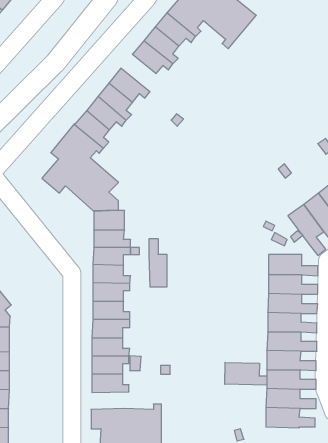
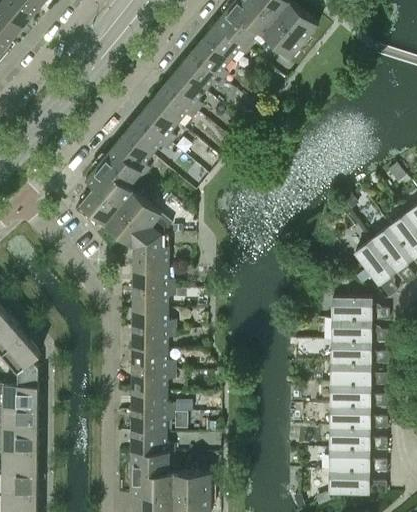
building: none -> [164,68,204,111]
building: [149,239,167,287] -> none
building: [225,362,267,385] -> none
building: none -> [130,452,173,472]

